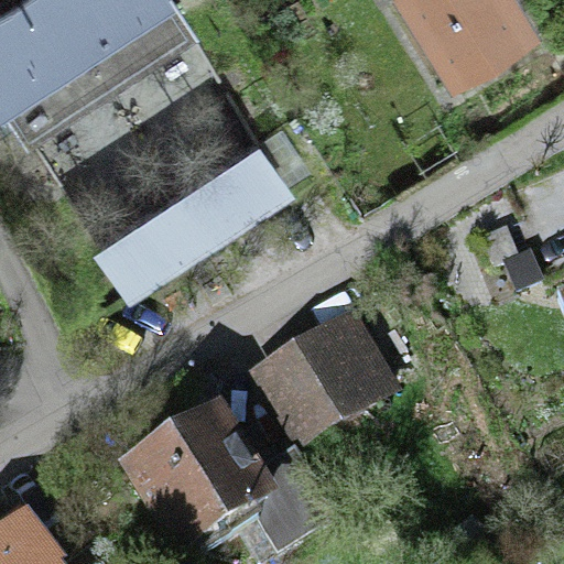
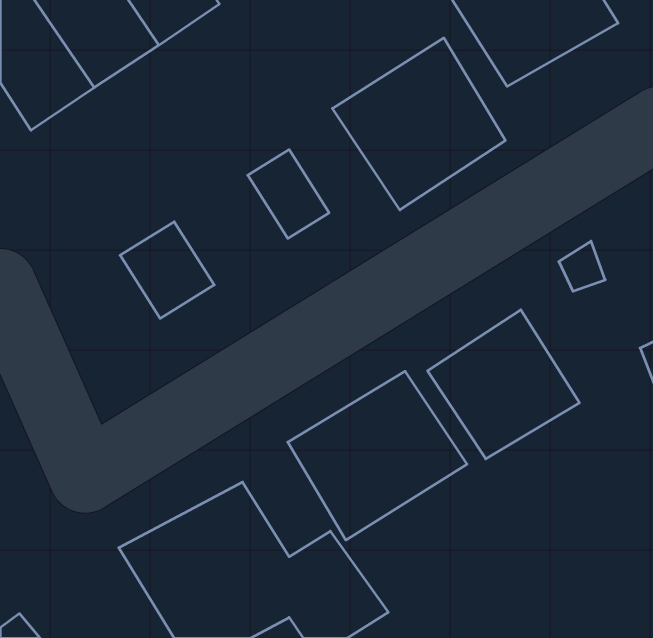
building: none -> [332,38,505,210]
building: [154,150,251,243] -> none
building: none -> [428,310,579,459]

